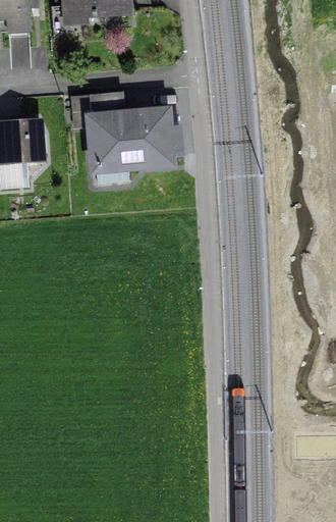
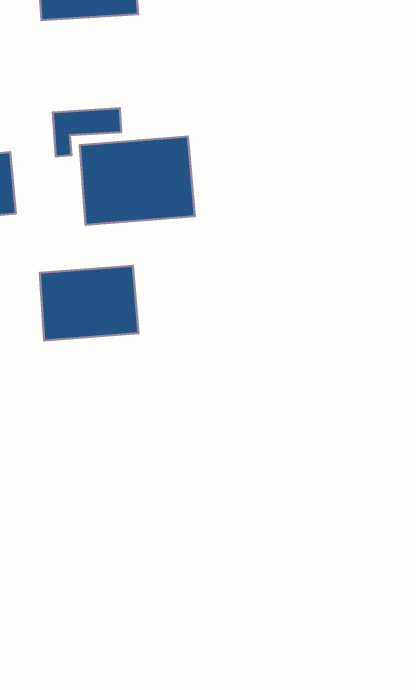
building: none -> [40,266,138,340]

